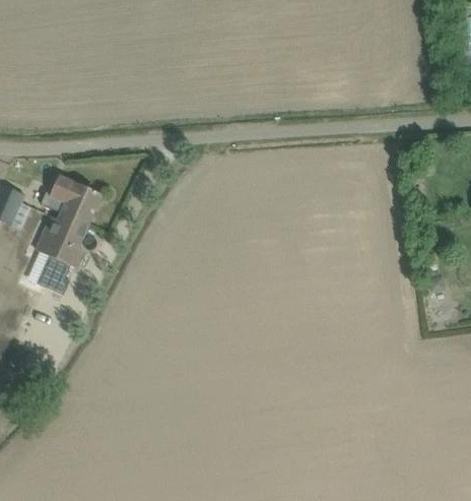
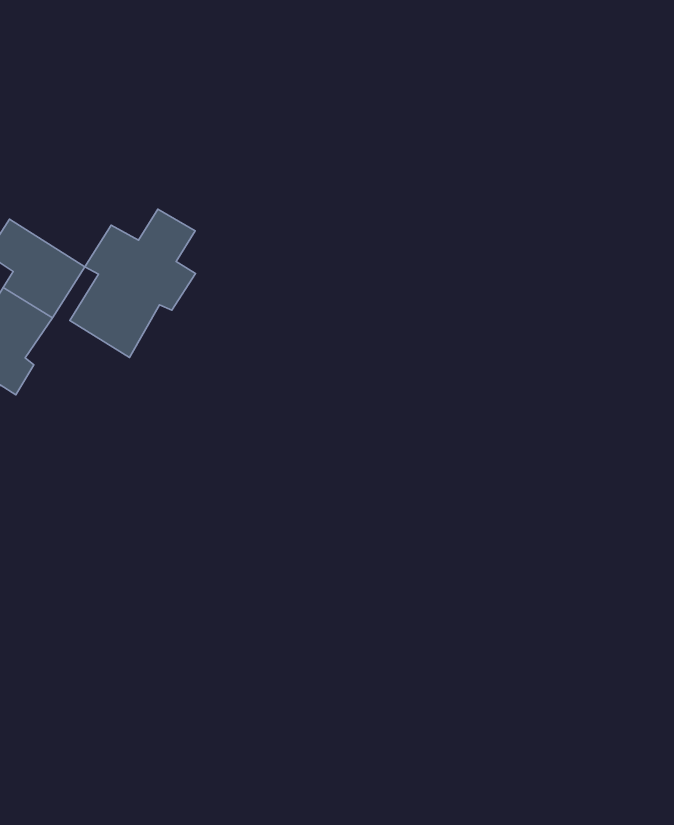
building: none -> [70,209,196,358]

